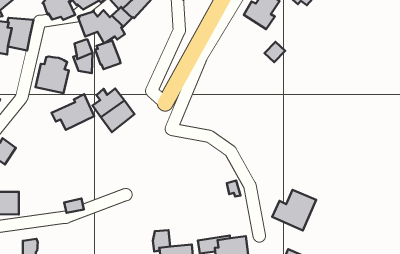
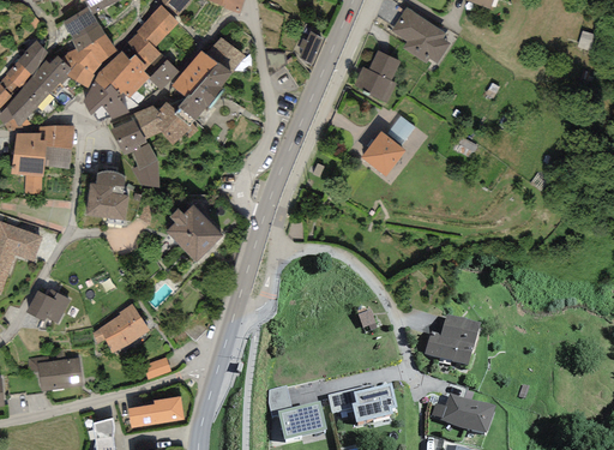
building: [95,41,120,69] -> [110,114,146,154]
building: none -> [361,131,405,175]
building: [52,94,94,130] -> [91,302,149,353]
building: none -> [127,395,185,427]

